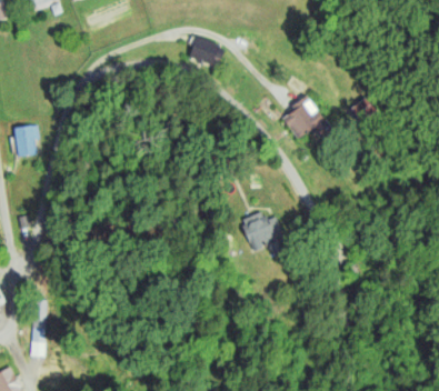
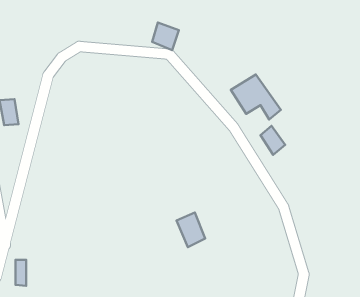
building: none -> [261,126,285,155]
building: [243,212,277,252] -> [176,213,205,247]

